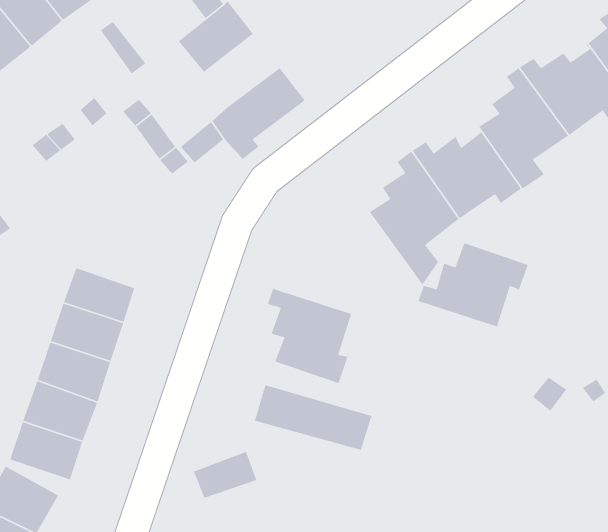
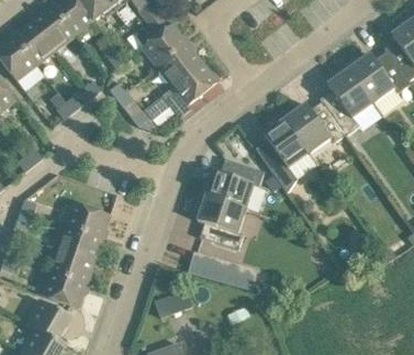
building: none -> [158,43,203,86]
building: [418,242,529,327] -> [199,158,265,209]

